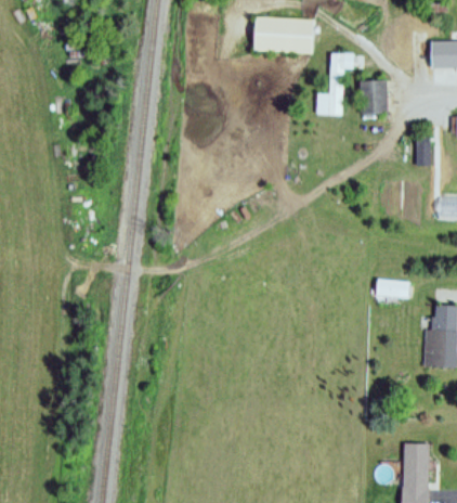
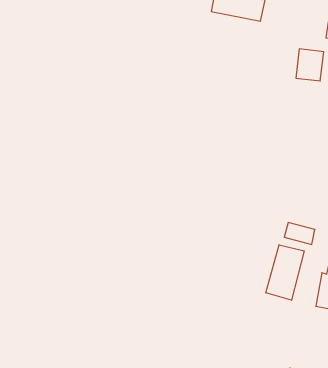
building: [316,53,353,117] -> none
building: none -> [266,245,304,300]

